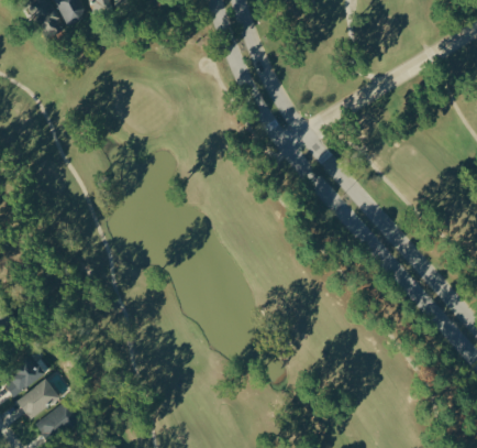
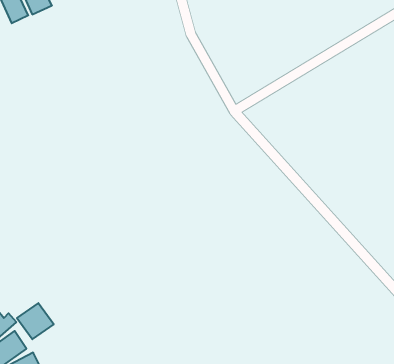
building: none -> [17,303,54,339]

